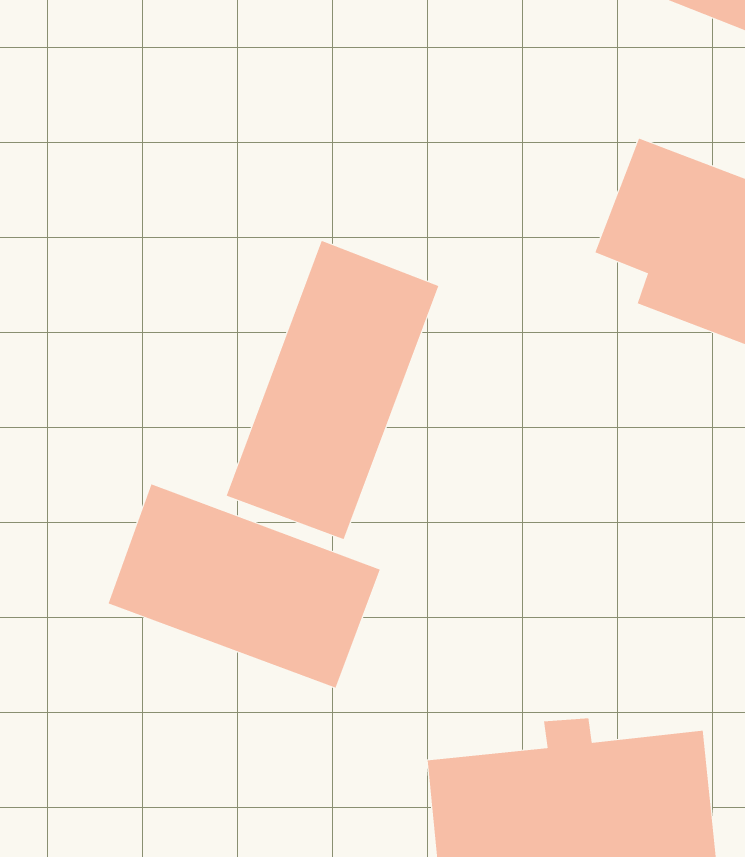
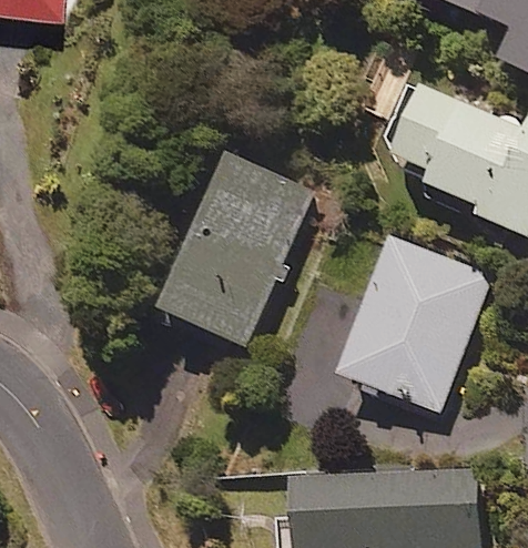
building: none -> [344,237,485,408]
building: [108,484,380,688] -> none

